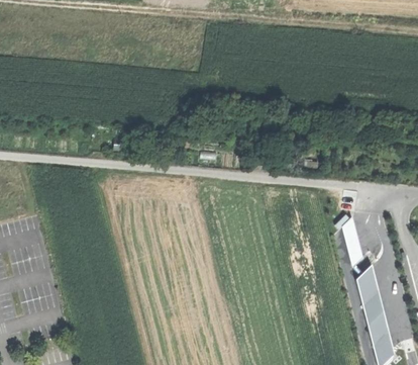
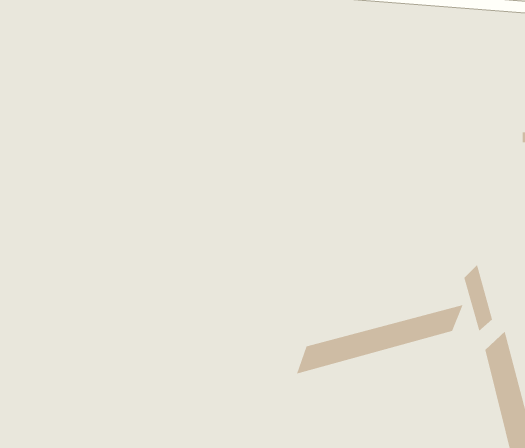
building: none -> [296,304,464,375]

